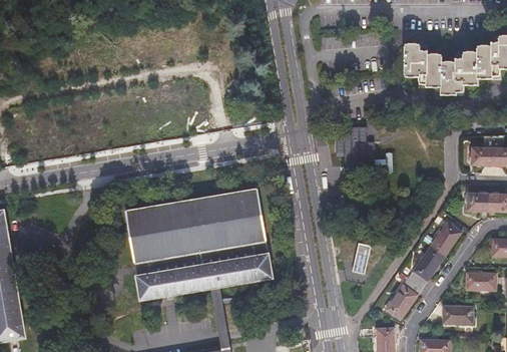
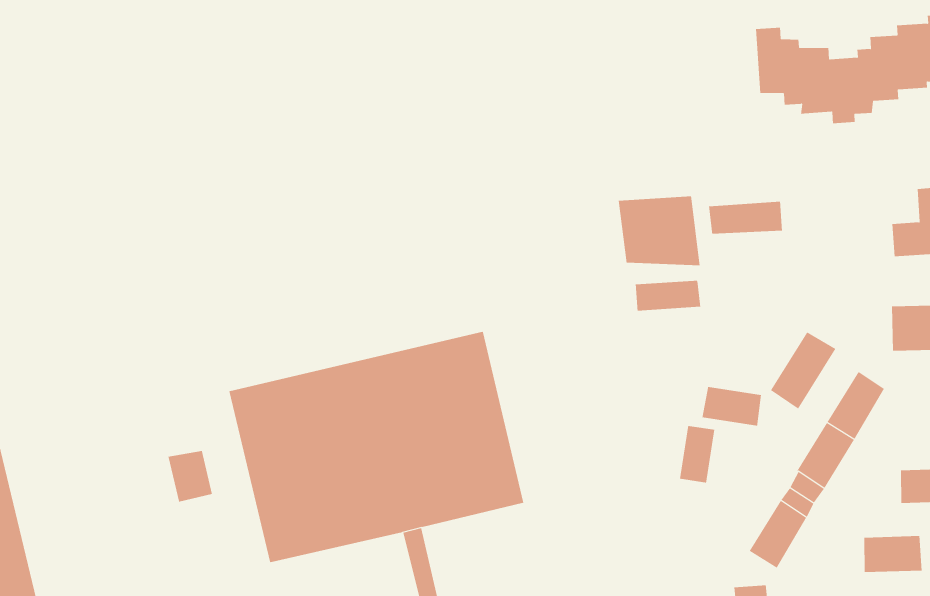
building: none -> [709,201,783,235]
building: none -> [635,280,701,311]
building: none -> [770,331,836,409]
building: none -> [702,386,762,426]
building: none -> [168,450,213,503]

